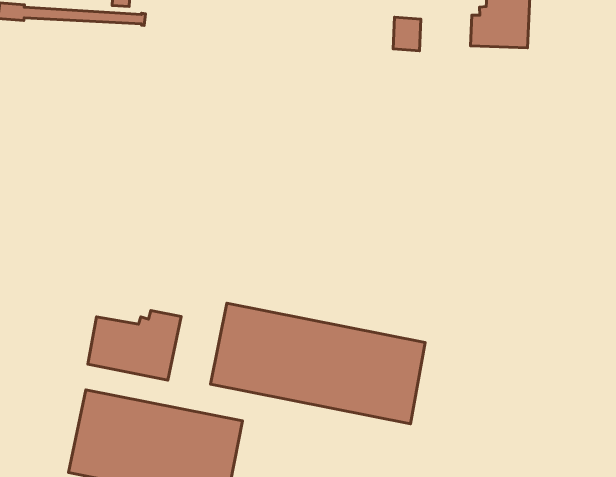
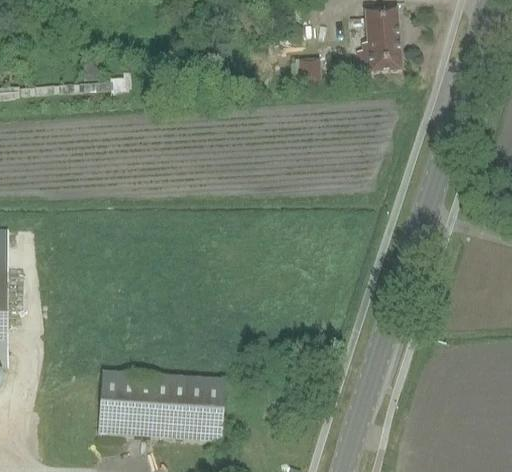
building: [211,303,425,424] -> none
building: [88,310,181,380] -> none

